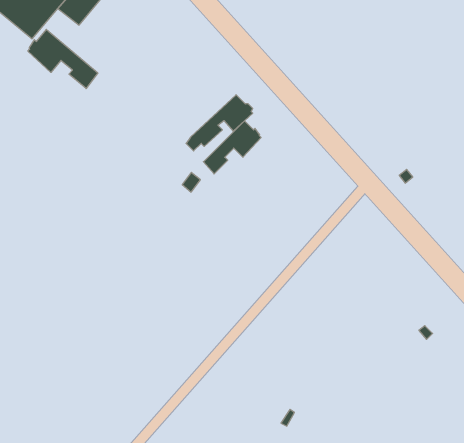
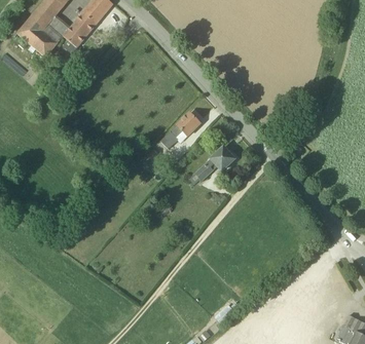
building: [28,29,98,89] -> none
building: [186,95,253,151] -> [189,146,234,184]

